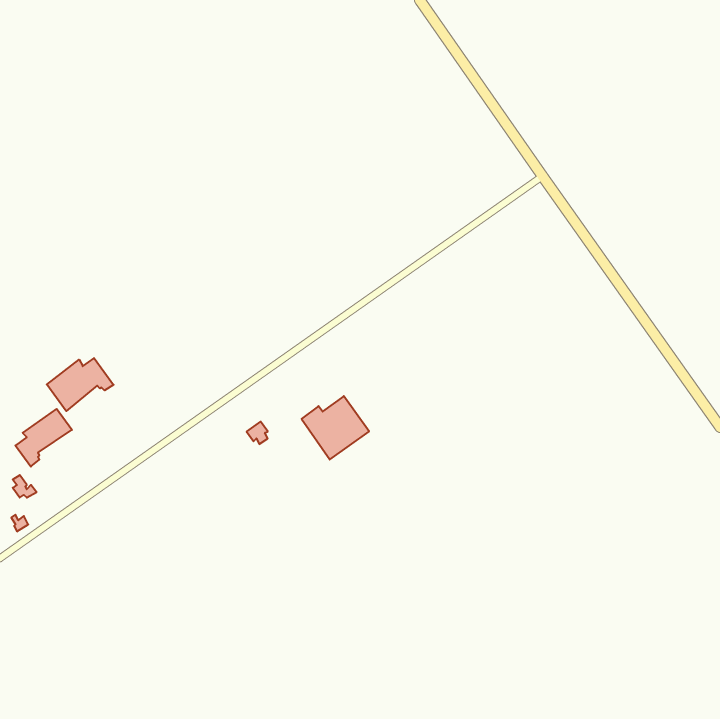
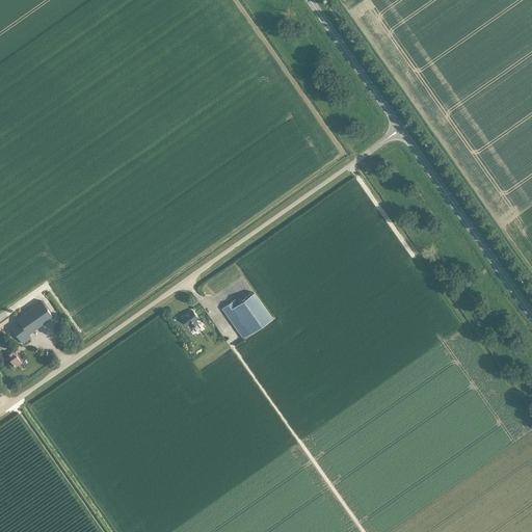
building: [47,358,114,411] -> none

